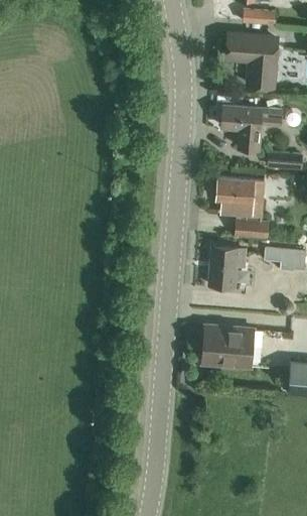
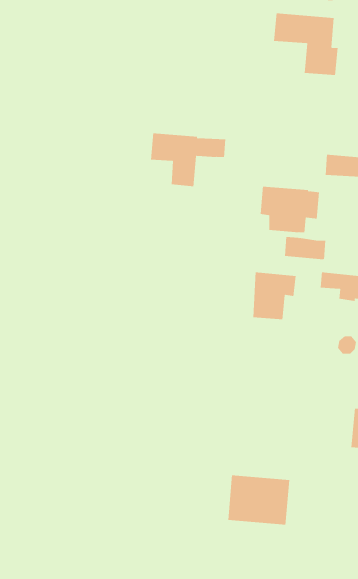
building: [221,105,284,149] -> [150,133,226,187]
building: [203,325,255,366] -> [227,475,290,525]

